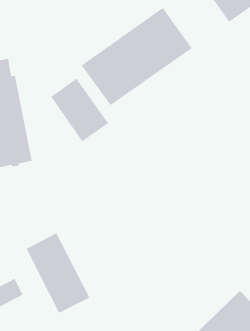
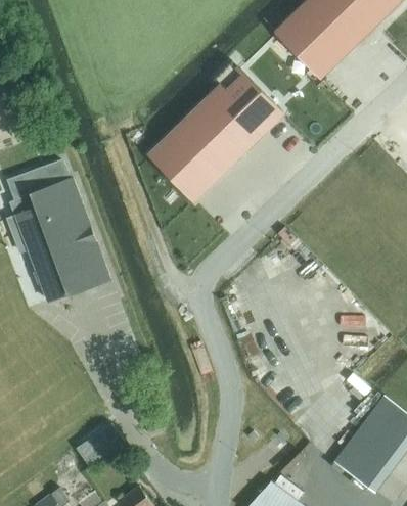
building: [50,78,109,142] -> none
building: [26,233,90,313] -> none

